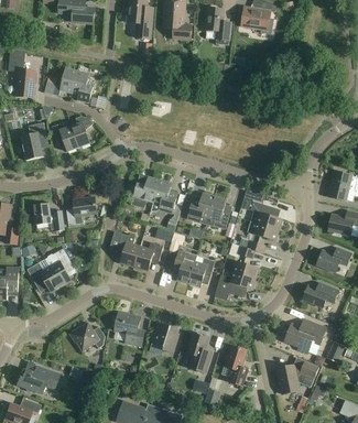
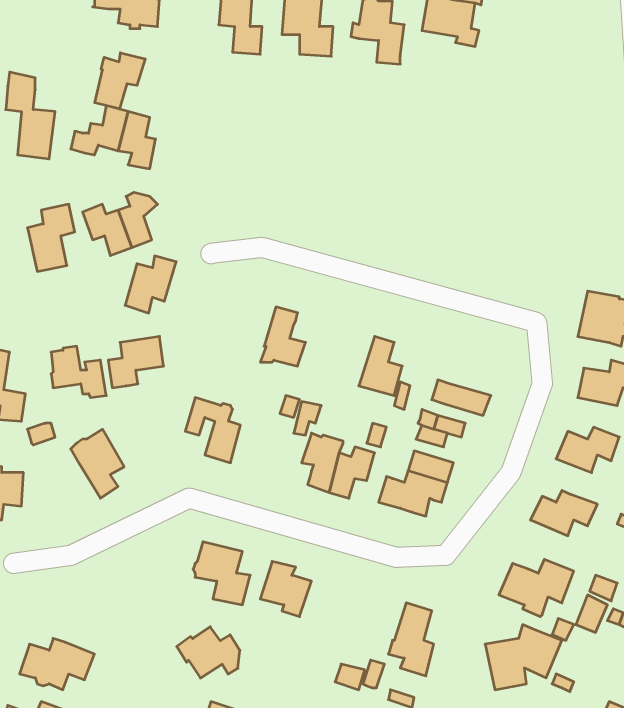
building: none -> [95,53,145,109]
building: [131,176,160,208] -> [125,256,176,313]
building: [187,193,215,224] -> none
building: [250,200,283,229] -> none
building: [134,241,163,271] -> none
building: [28,262,62,292] -> none
building: [69,322,105,350] -> [177,627,240,678]
building: [187,333,213,372] -> none

